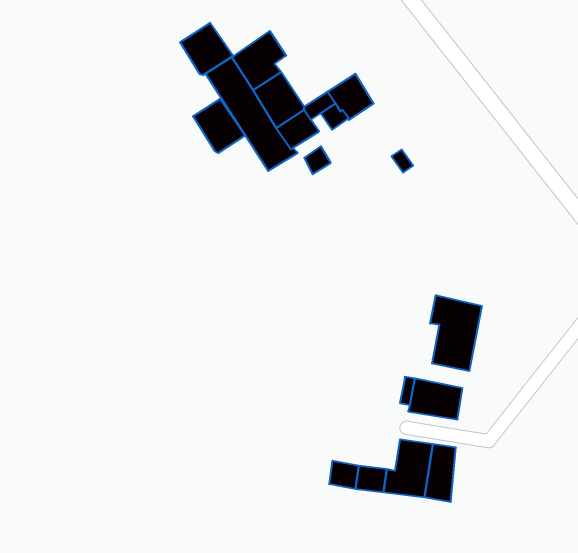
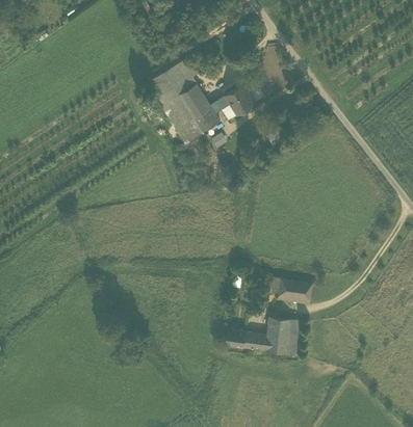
building: [180,23,233,75] -> none
building: [193,99,245,153] -> none
building: [430,295,482,371] -> none

